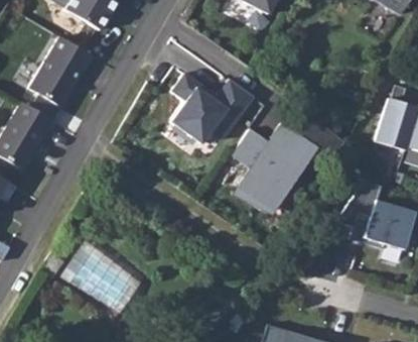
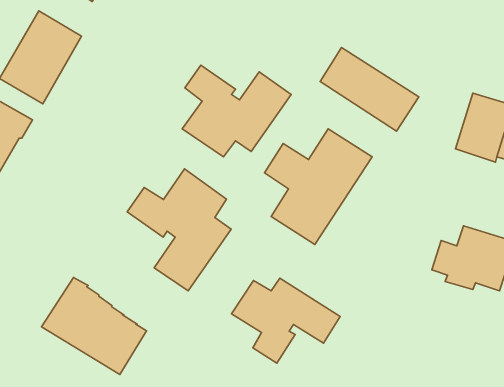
building: none -> [320,47,419,131]
building: none -> [127,169,231,291]
building: none -> [232,278,340,363]

